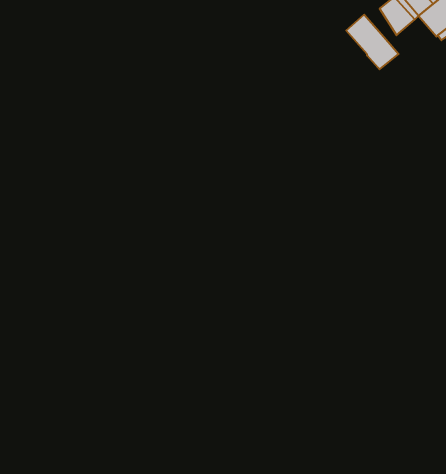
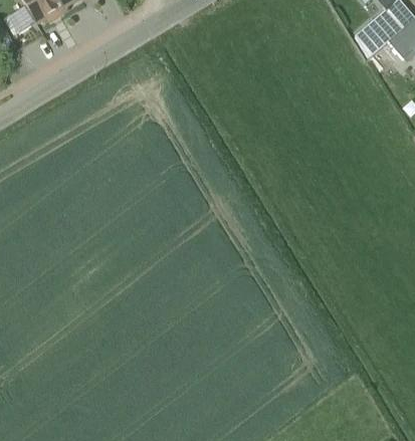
building: [346,15,399,69] -> none

